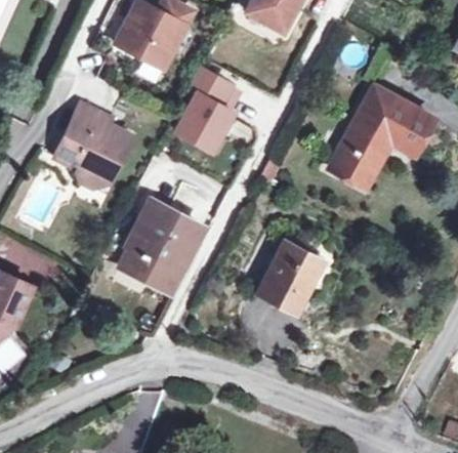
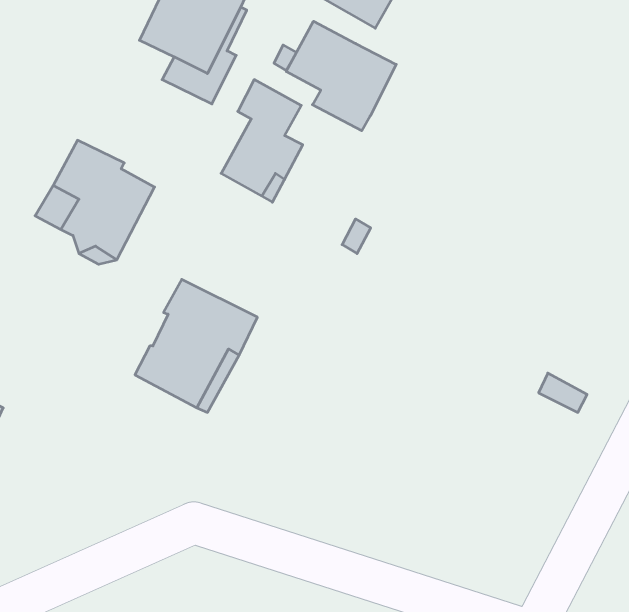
building: none -> [286,21,396,131]
building: [332,87,431,186] -> none
building: [257,241,319,313] -> none

